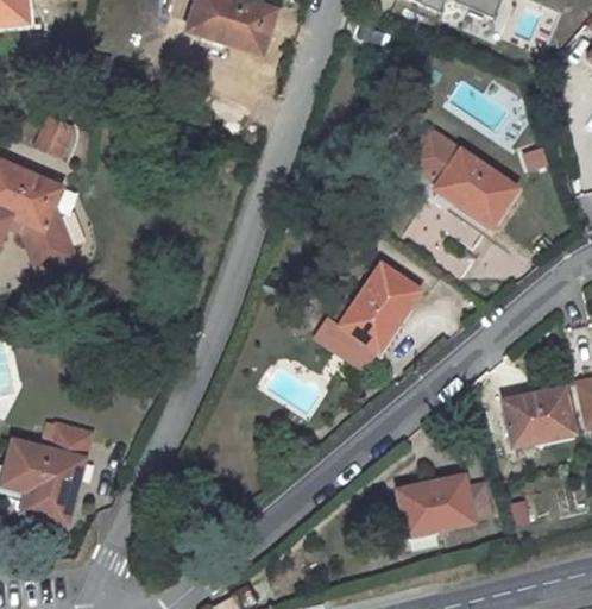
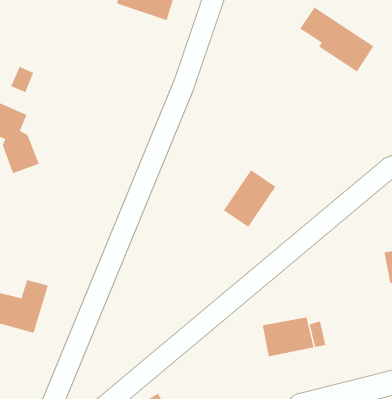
building: [408,130,516,225] -> [299,6,374,73]
building: [311,316,378,375] -> none
building: [504,388,574,446] -> none

